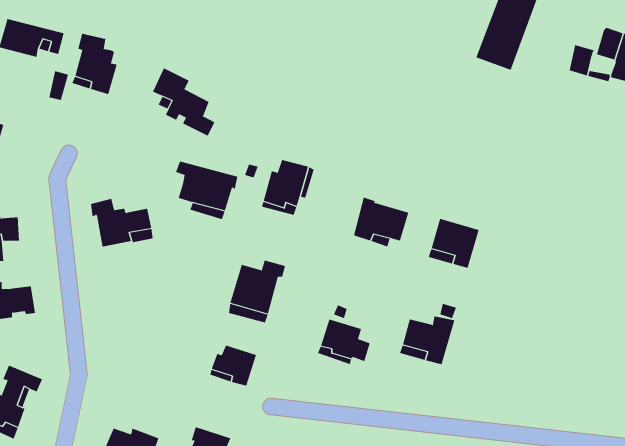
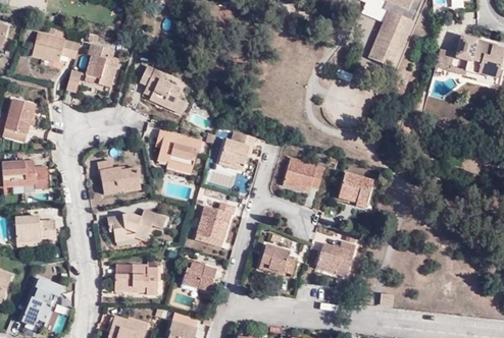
building: none -> [107,208,166,240]
building: none -> [116,264,159,295]

